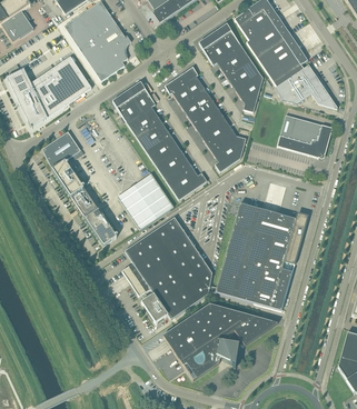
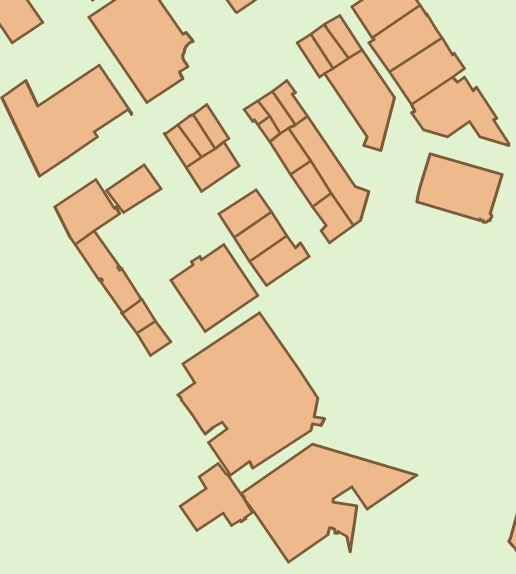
building: [137,121,172,152] -> [106,165,161,213]
building: [215,202,306,310] -> none
building: none -> [180,464,252,531]

